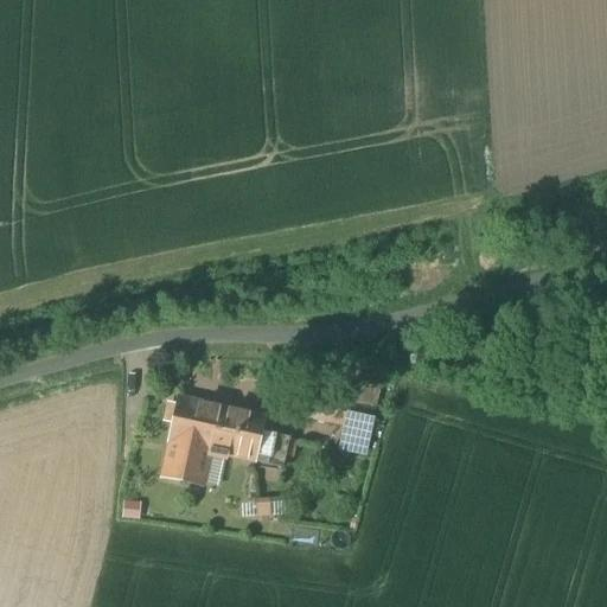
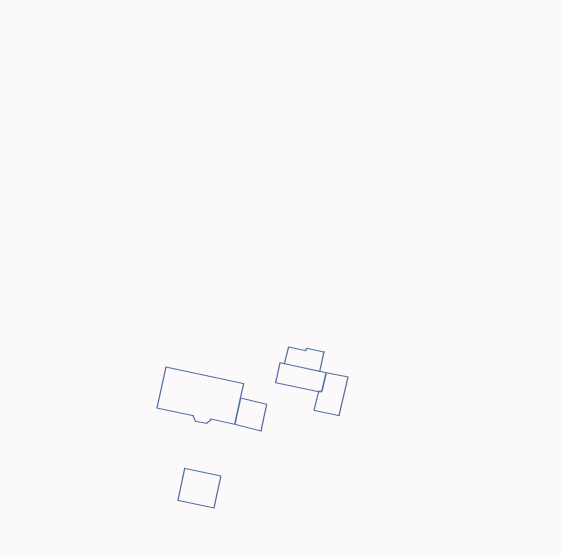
building: none -> [285,347,324,371]
building: [162,441,209,484] -> [178,468,221,508]

